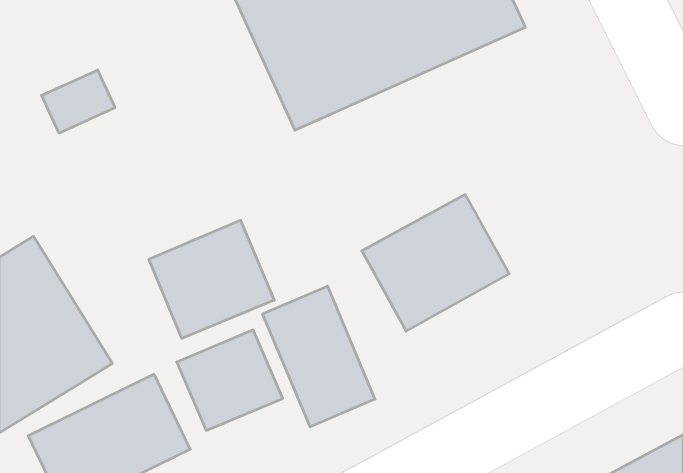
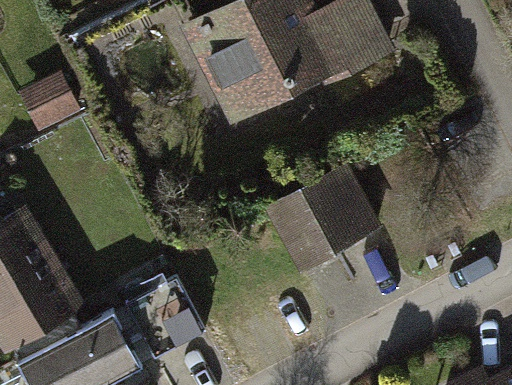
building: [149,220,274,338] -> none
building: [263,286,375,427] -> none

